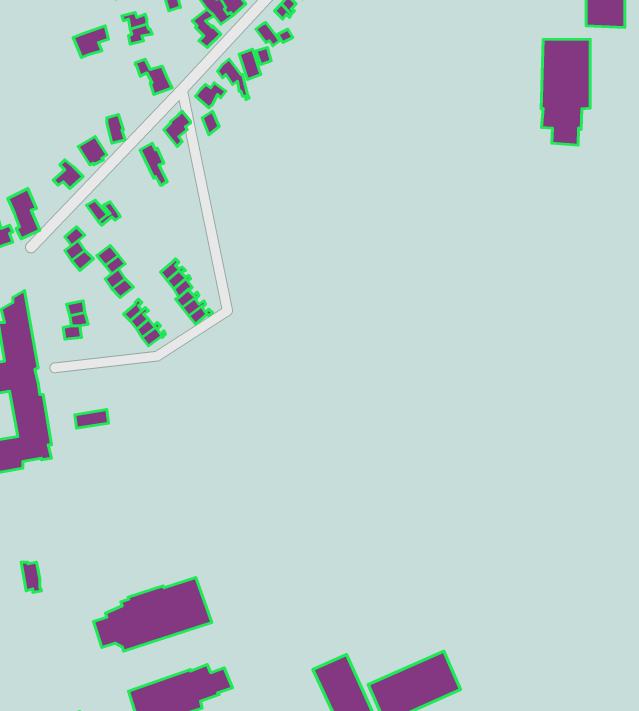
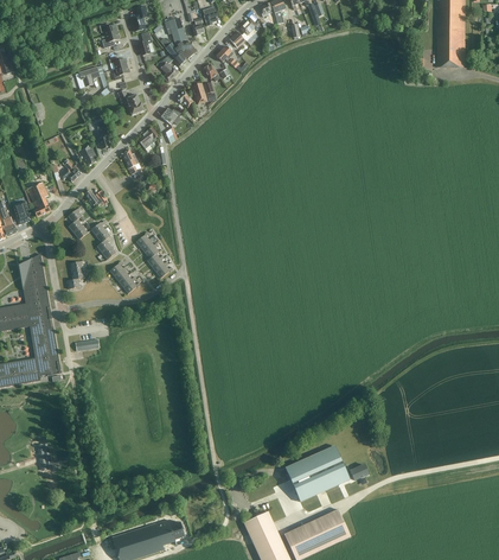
building: [541,39,590,145] -> none
building: none -> [283,444,369,501]
building: [93,577,212,651] -> none

